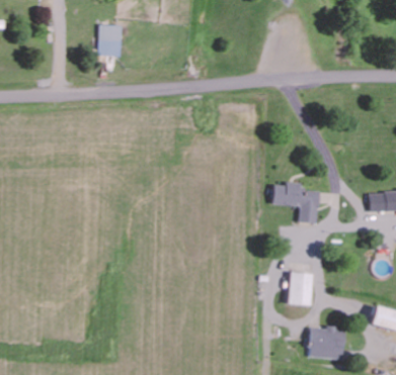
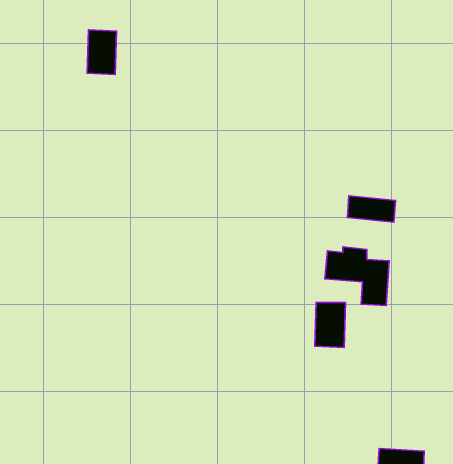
building: none -> [347,196,395,222]
building: [289,273,311,305] -> [315,303,345,347]

